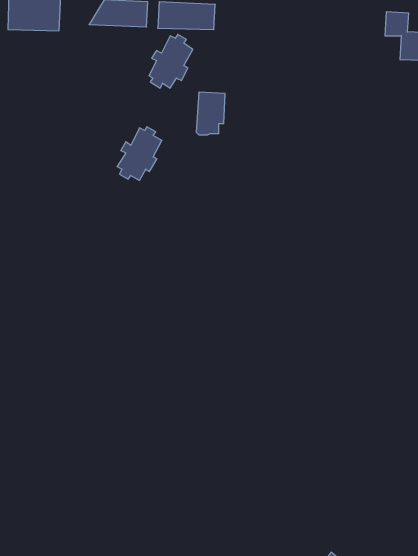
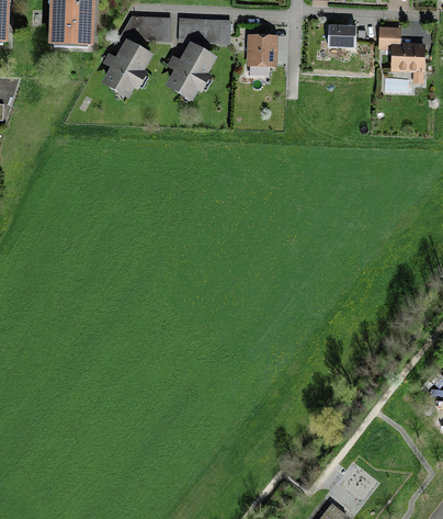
building: none -> [327,24,355,46]
building: [196,92,225,135] -> [248,36,273,74]
building: [117,127,162,180] -> [106,44,146,91]

